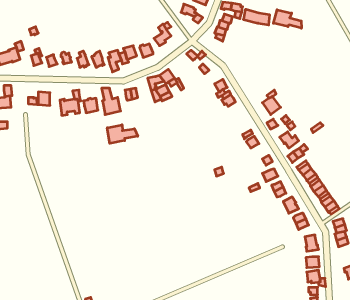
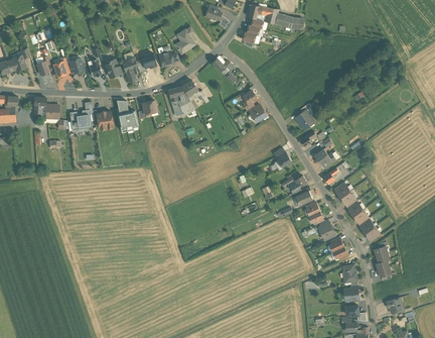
building: [273,10,301,28] -> none
building: [107,125,138,143] -> none

